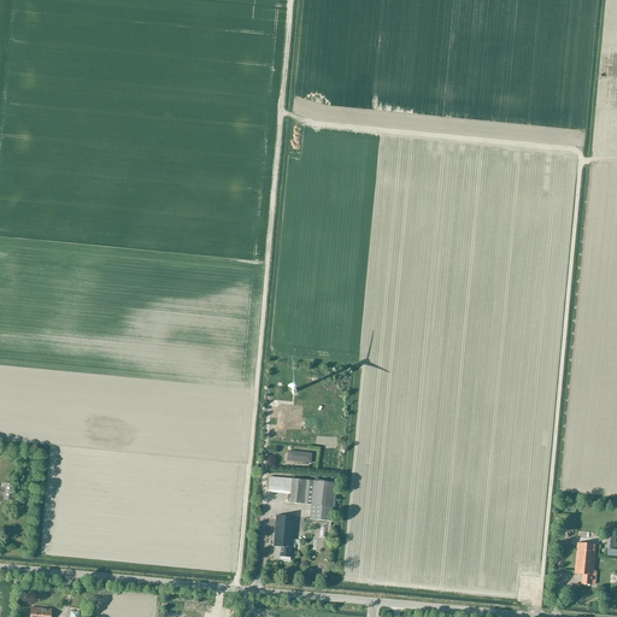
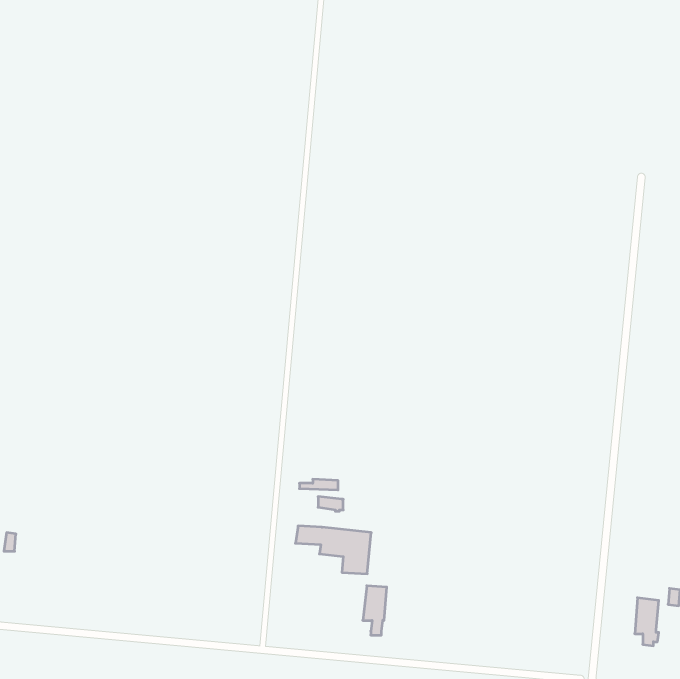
building: [274,515,295,559] -> [363,586,387,635]

